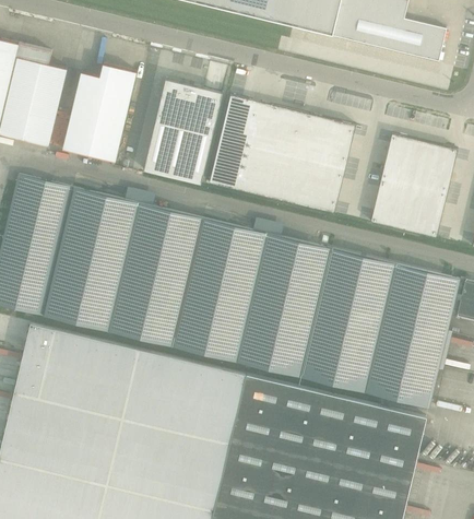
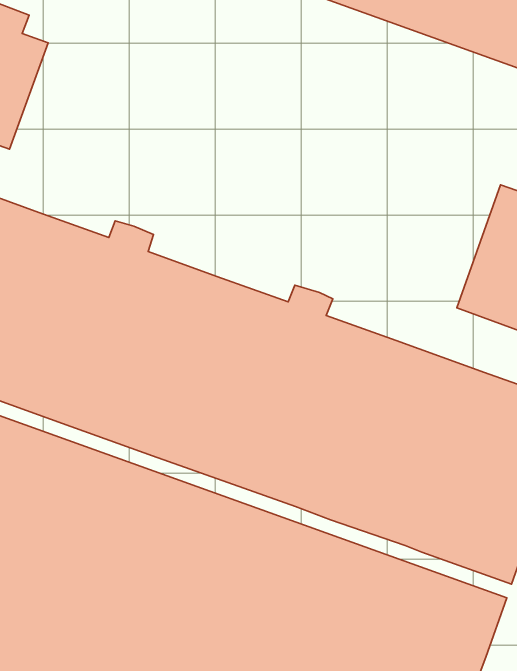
building: [62,66,134,161] -> none
building: [143,79,223,184] -> none
building: [208,95,356,214] -> none

